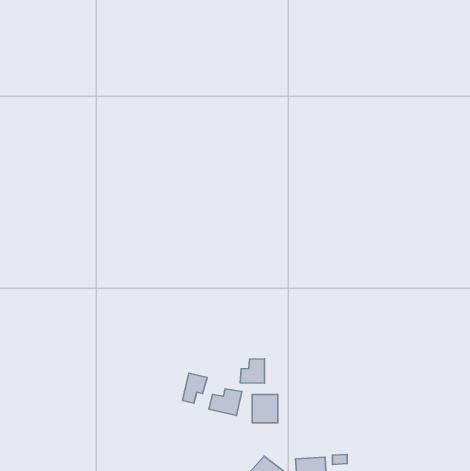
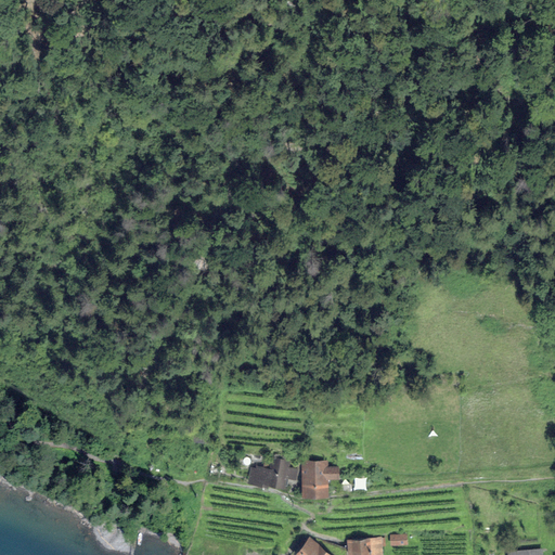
building: [240,359,265,383] -> none
building: [182,373,207,403] -> none

